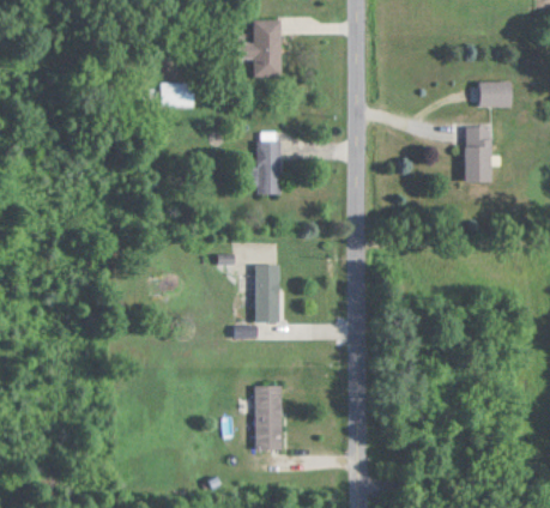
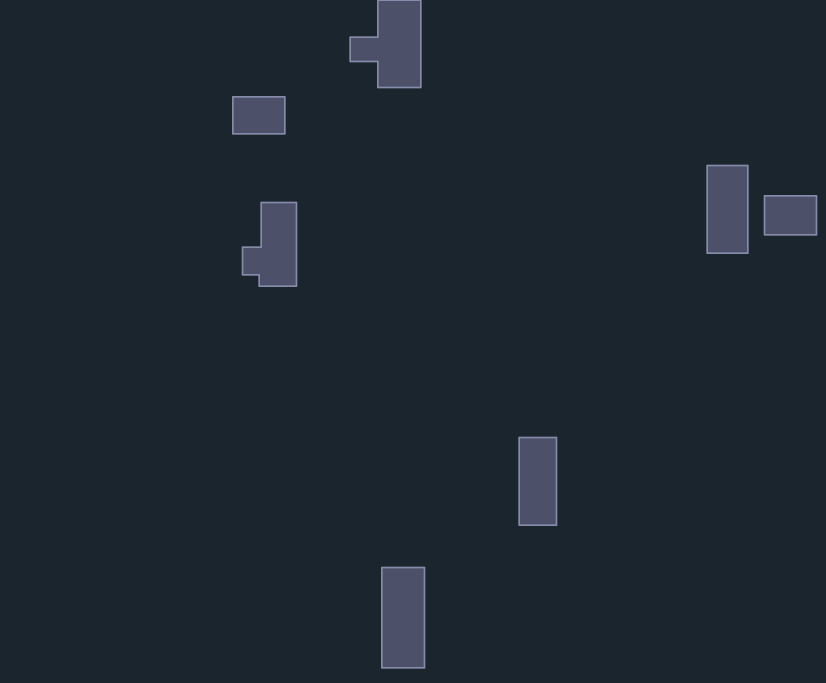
building: [478,81,512,107] -> [765,196,817,235]
building: [246,140,280,194] -> [243,202,297,286]
building: [256,266,280,322] -> [519,438,556,525]

